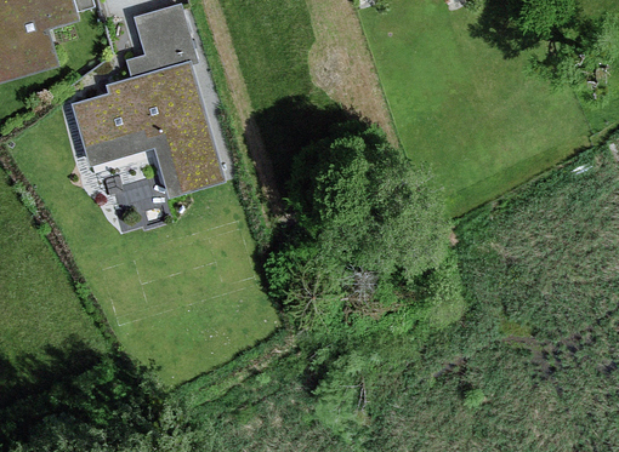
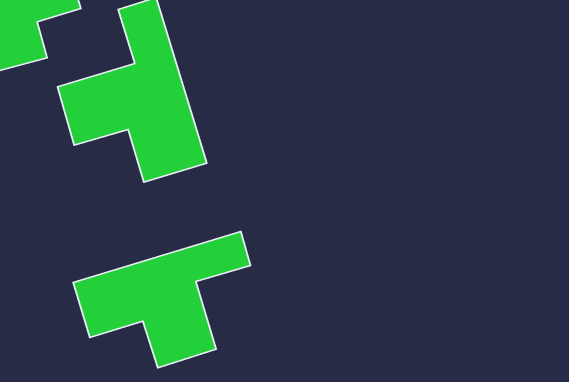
building: none -> [73,232,250,368]

